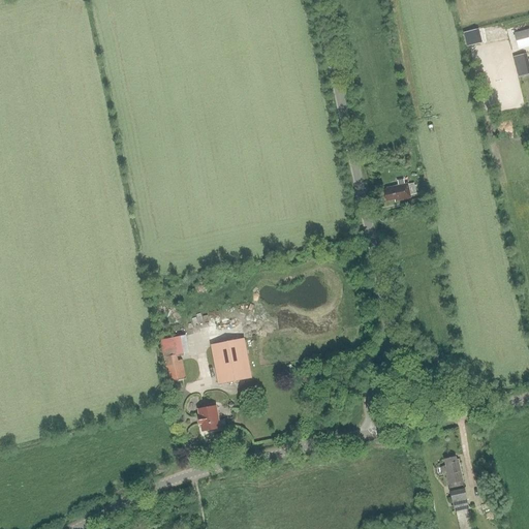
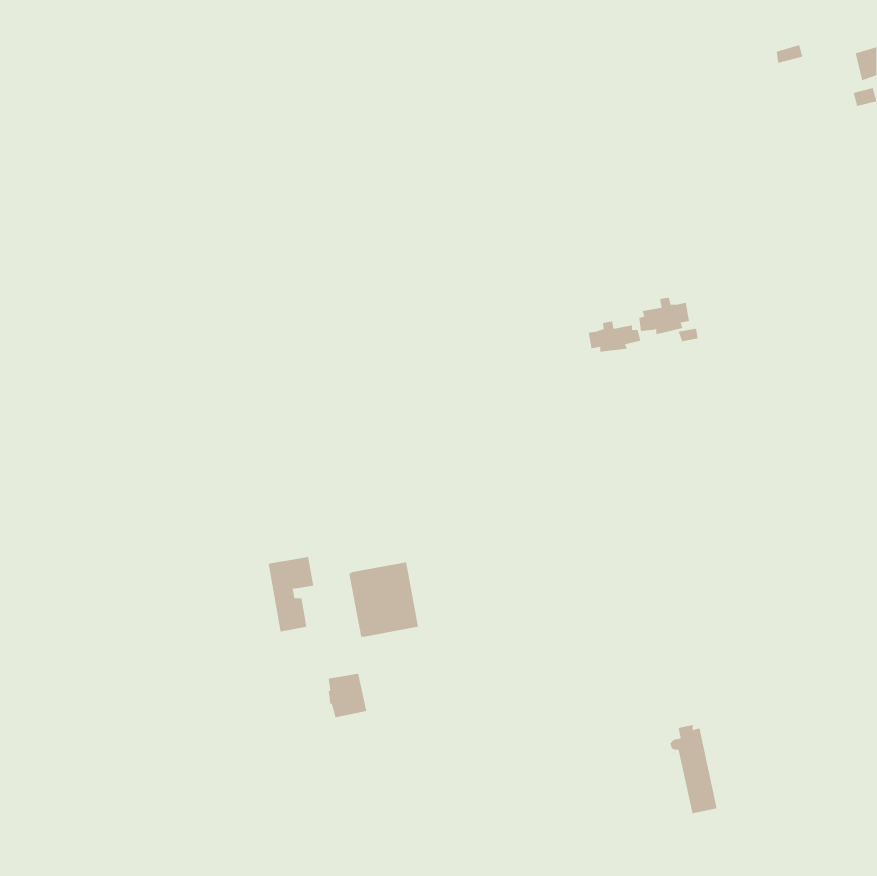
building: none -> [588,320,641,352]
building: [440,457,469,510] -> [669,724,717,814]

